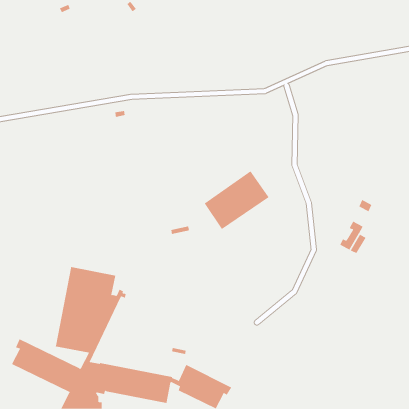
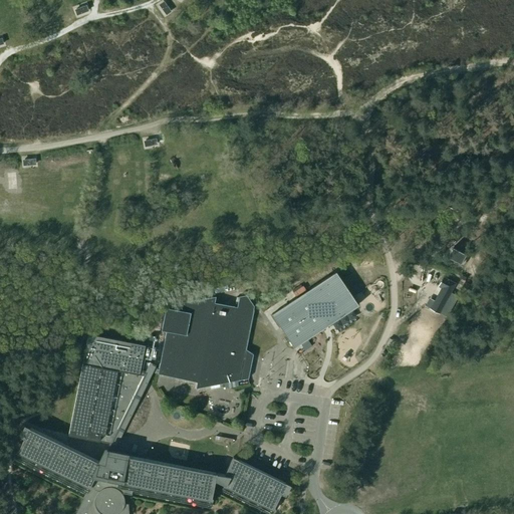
building: [204,171,269,230] -> [272,274,354,348]
building: none -> [158,295,254,389]

